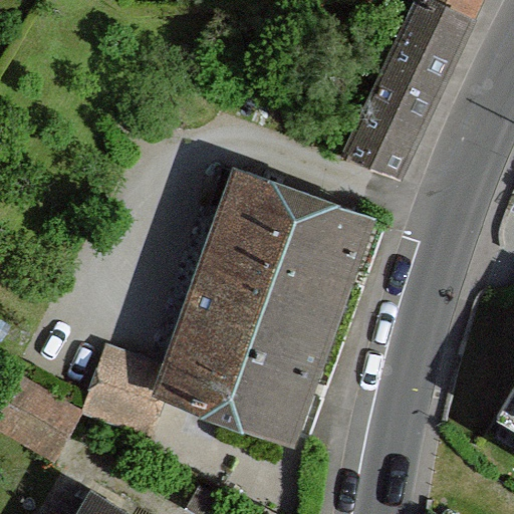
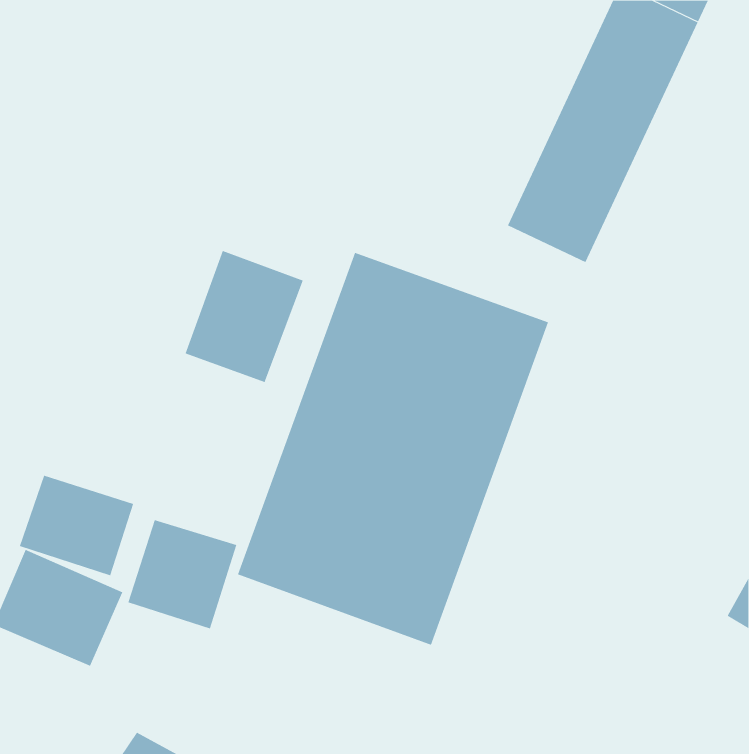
building: none -> [185,250,304,383]
building: none -> [19,475,134,576]

